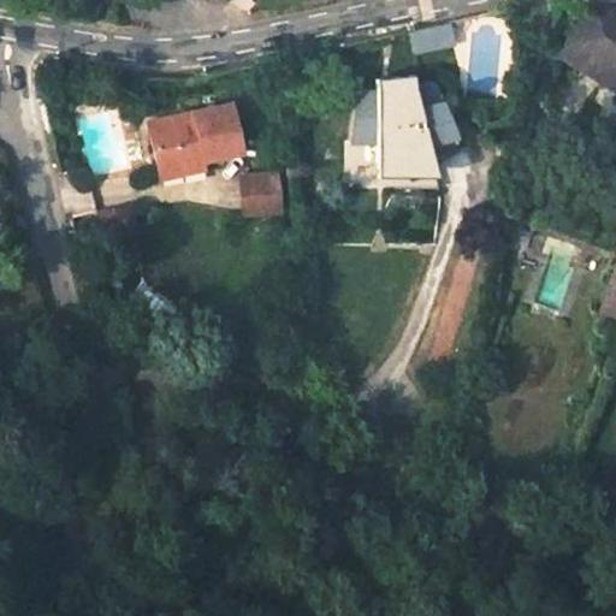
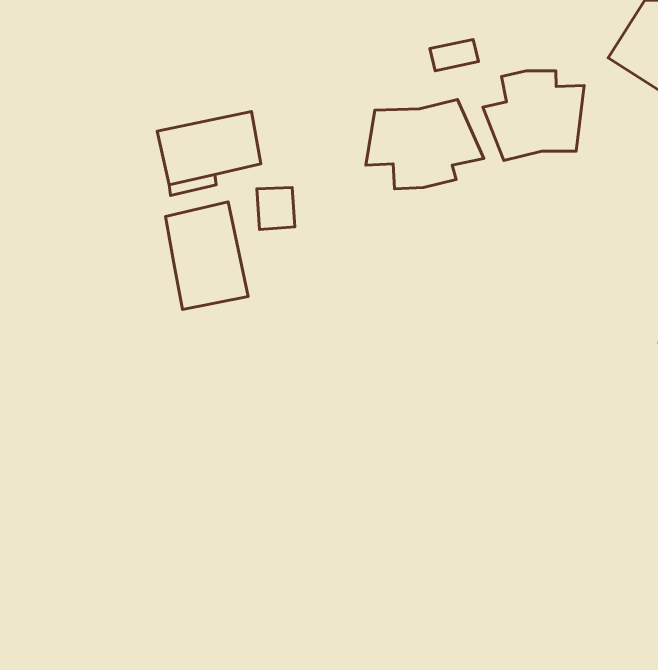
building: none -> [483,71,584,160]
building: none -> [165,202,248,310]

